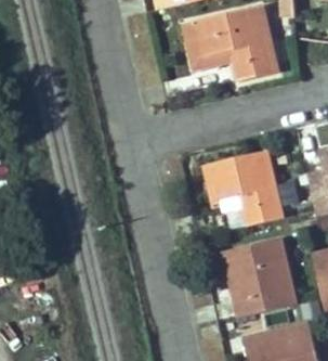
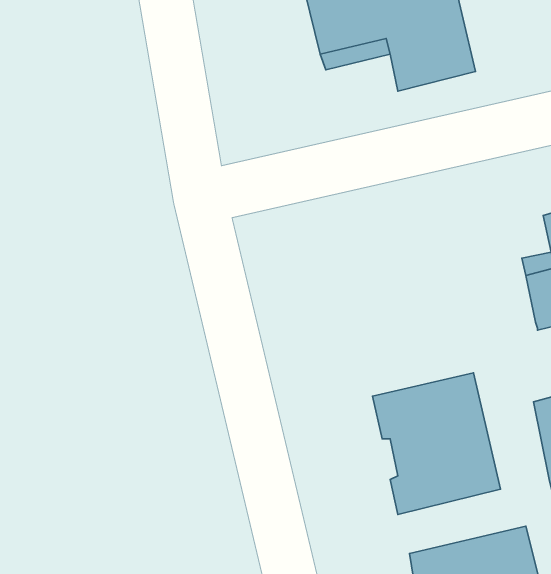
building: [202,153,280,227] -> none

